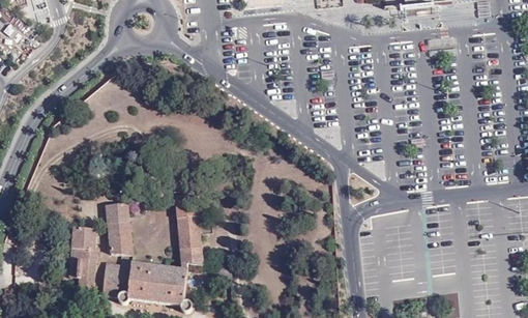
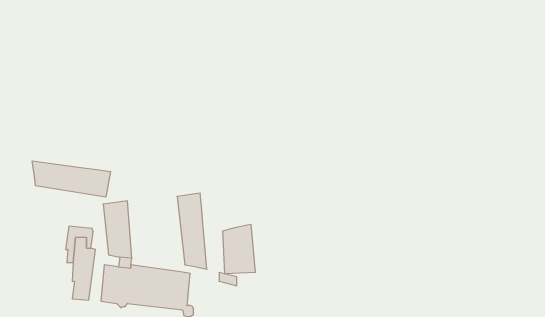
building: none -> [32,161,110,197]
building: none -> [223,224,255,274]

